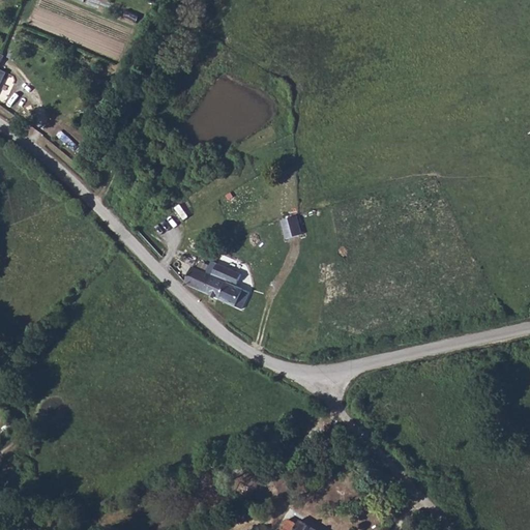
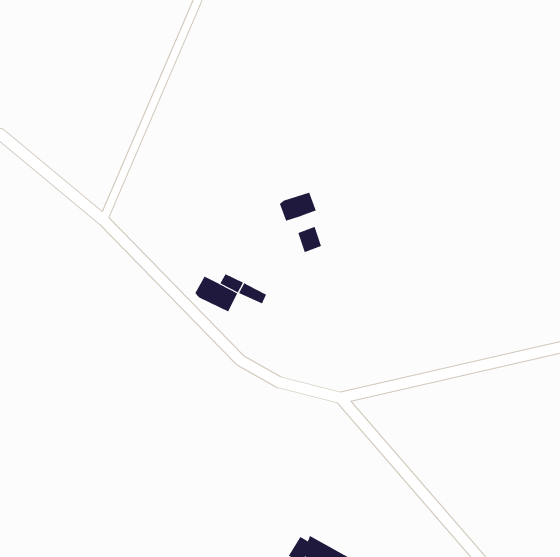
building: none -> [279,192,316,222]
building: [216,281,248,308] -> none

